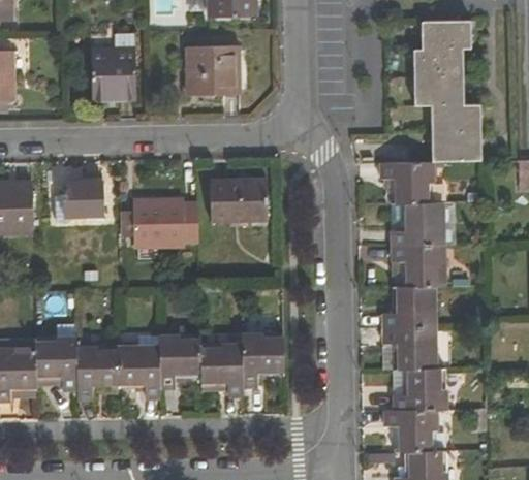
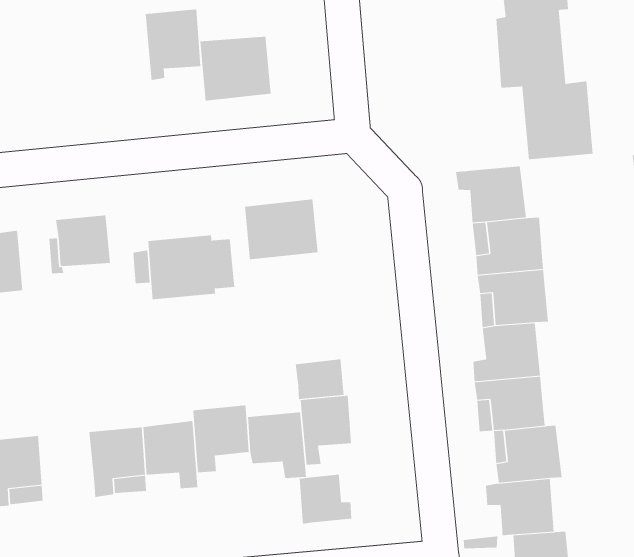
building: [91,49,132,102] -> [145,9,201,80]
building: none -> [295,359,344,400]
building: [37,338,77,387] -> none
building: none -> [299,474,352,524]

